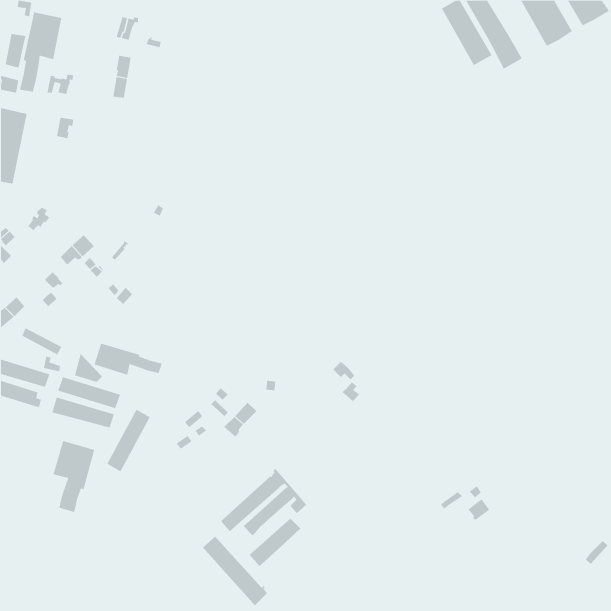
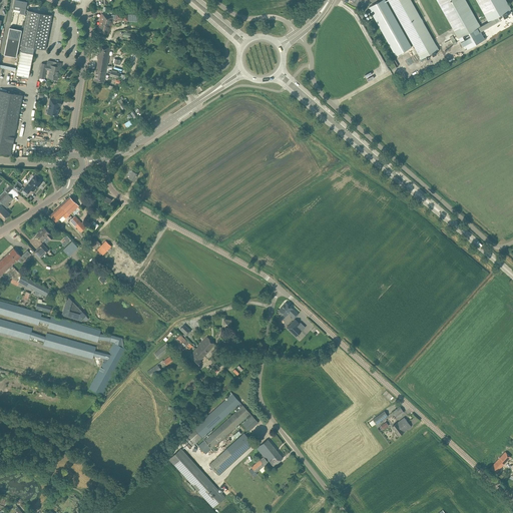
building: [94,343,163,375] -> none
building: [53,440,95,513] -> none
building: none -> [249,439,283,477]

